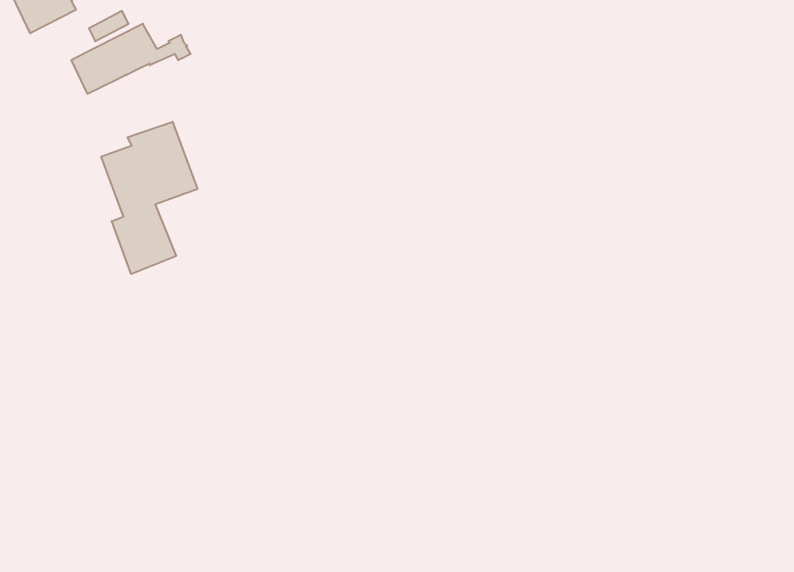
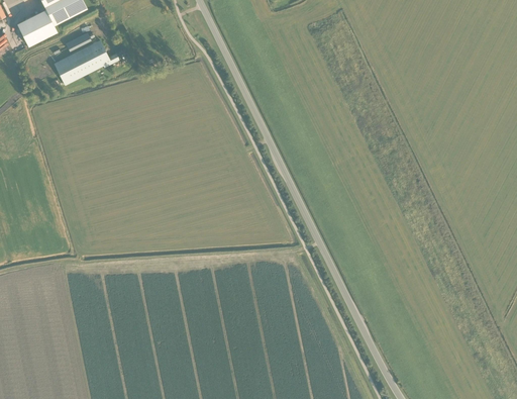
building: [101,122,198,274] -> none

